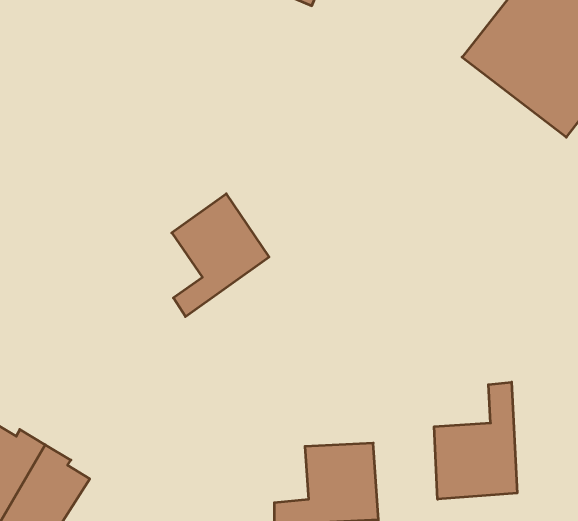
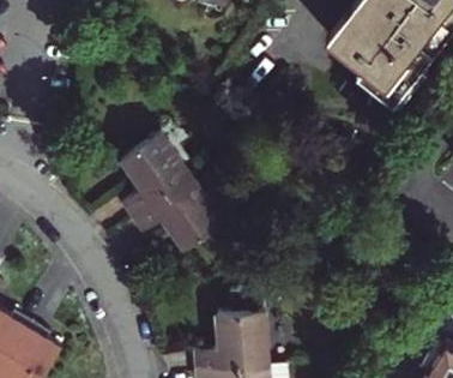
building: none -> [132,186,222,258]
building: [434,382,517,499] -> none

